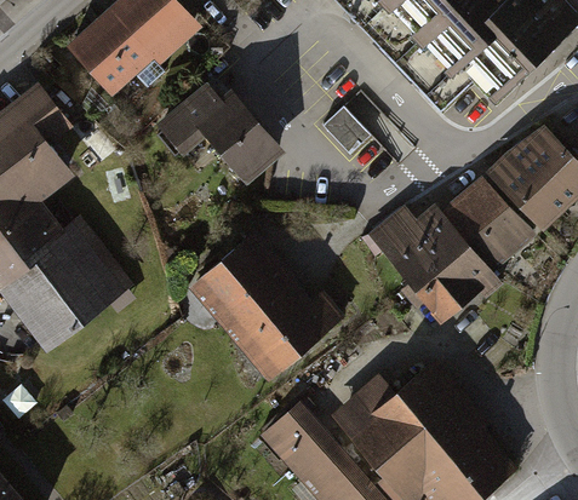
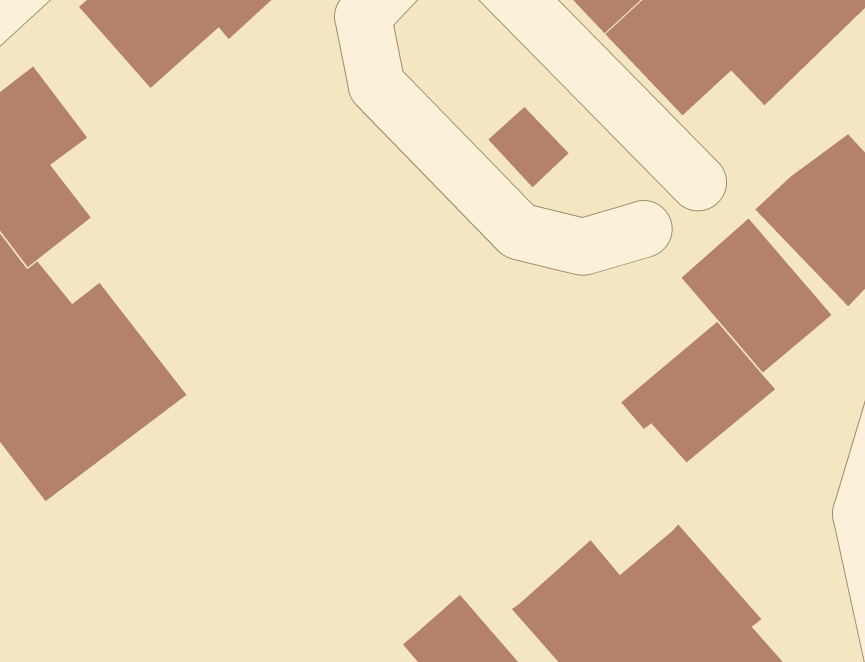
building: [156,81,285,185] -> none
building: [367,205,463,285] -> none
building: [188,231,345,381] -> none

